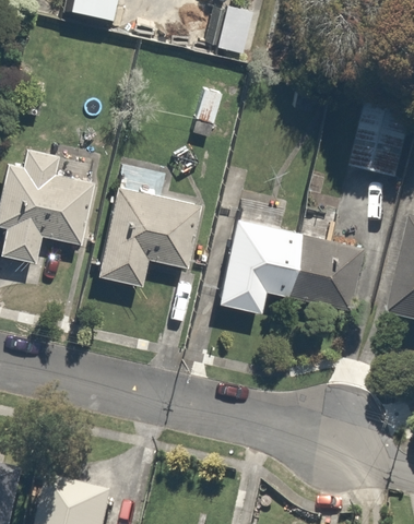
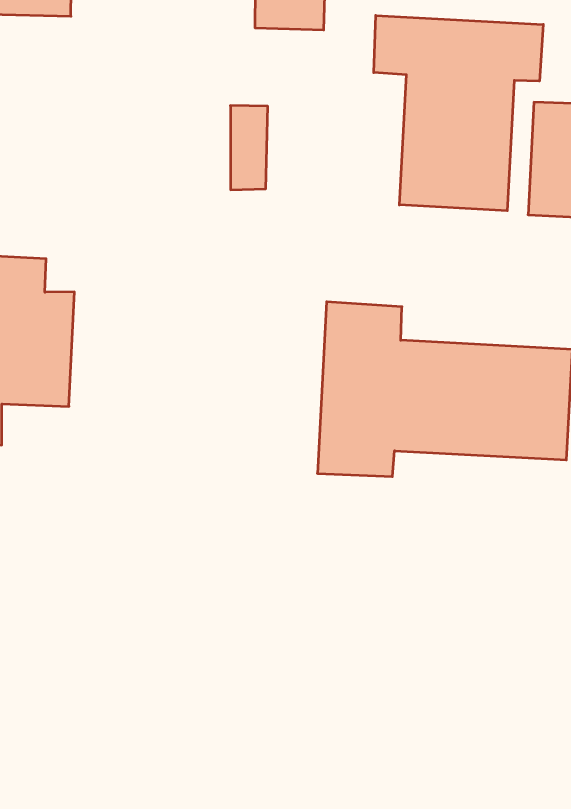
building: none -> [374,15,543,211]
building: [99,169,199,283] -> none

